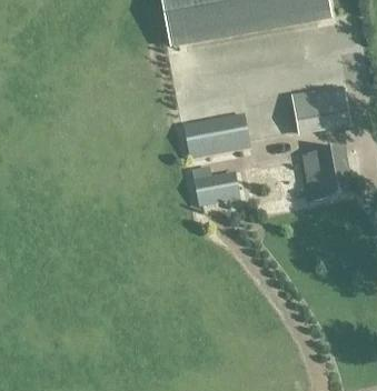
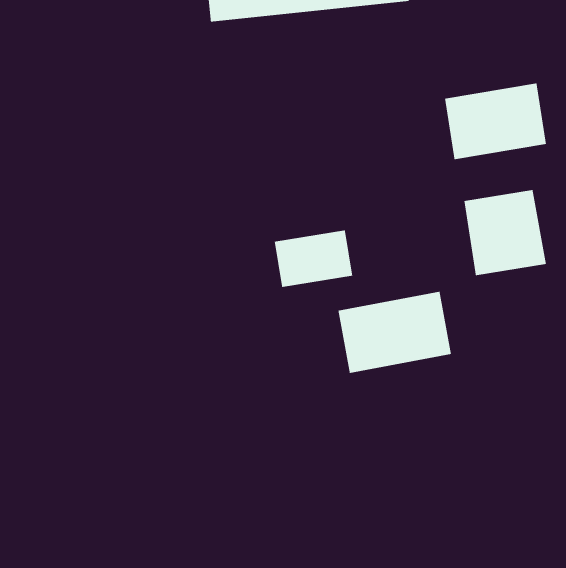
building: [185,108,250,156] -> [338,291,452,374]

